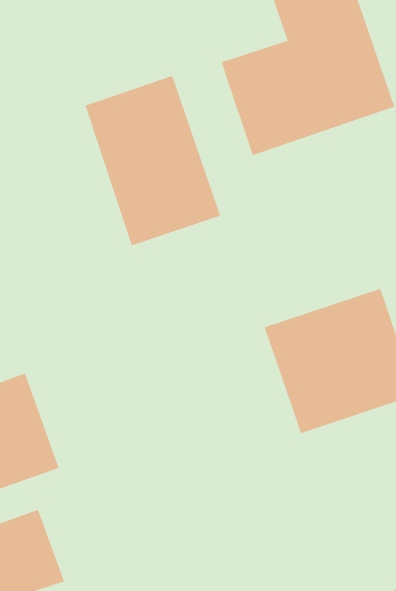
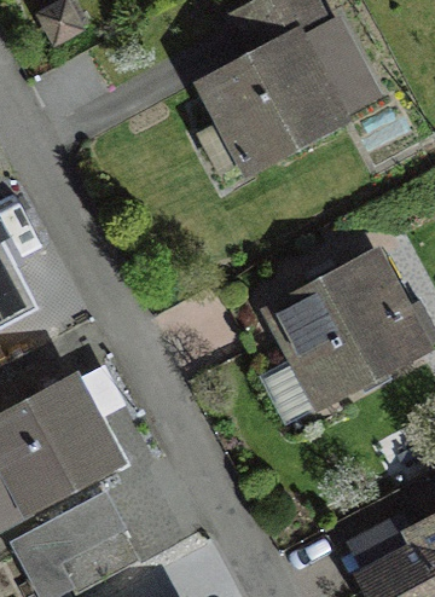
building: [85,75,221,246] -> none

